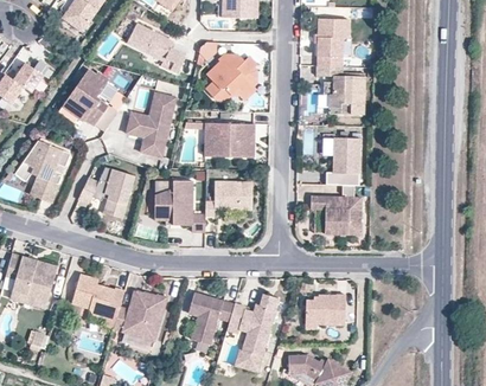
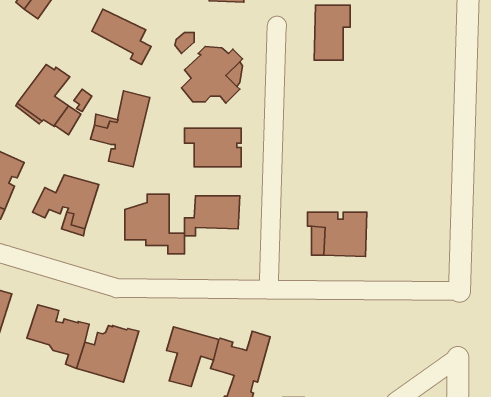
building: [318,66,365,114] -> none
building: [334,137,360,185] -> none
building: [309,295,348,327] -> none

